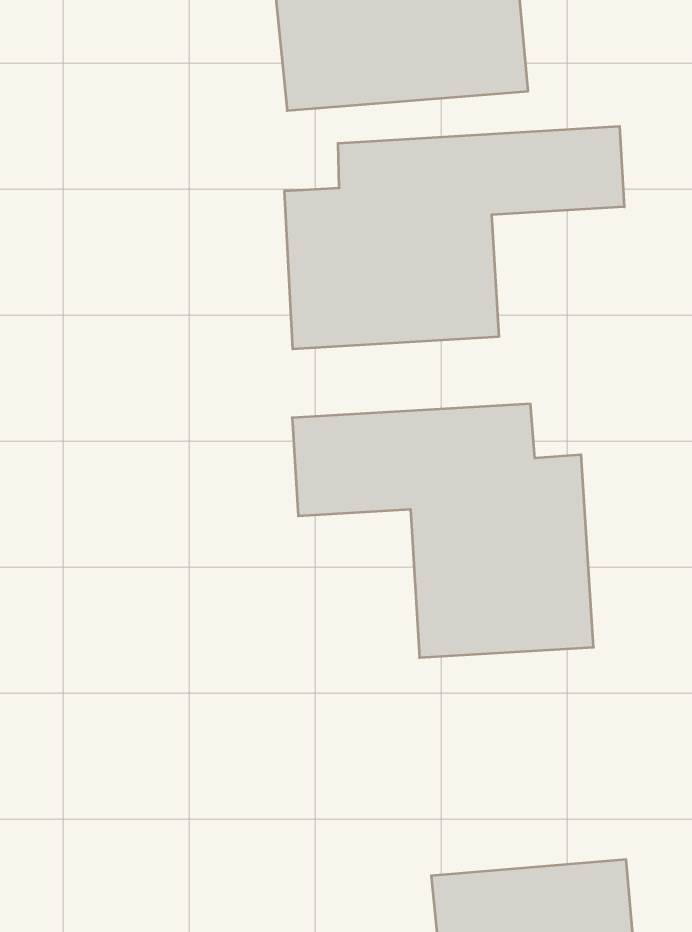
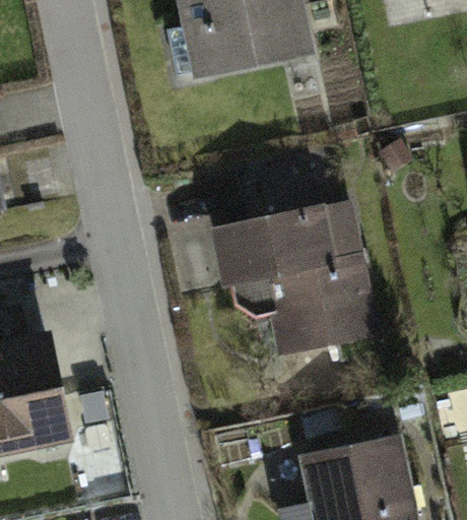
building: [285,126,624,349] -> none

